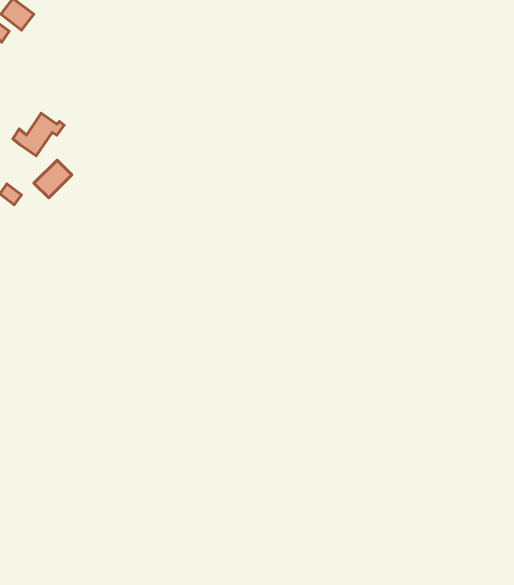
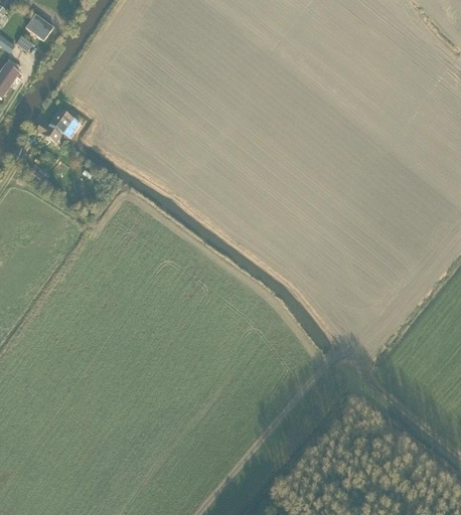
building: [34,160,72,198] -> none

